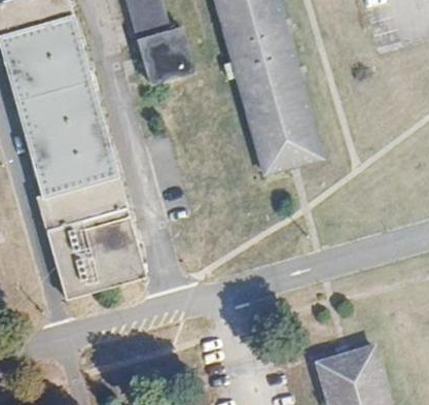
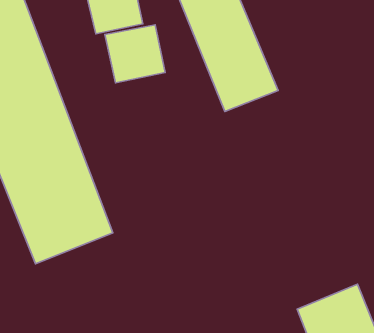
building: none -> [105,25,165,83]

